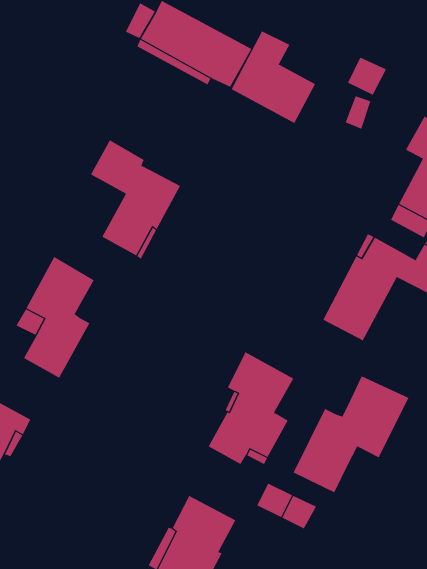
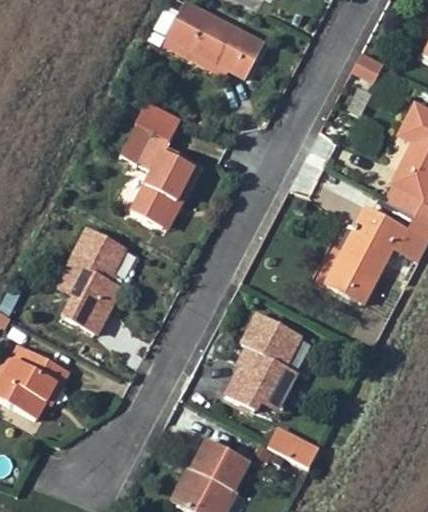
building: [231,31,316,124] -> none
building: none -> [138,101,182,142]
building: [293,376,409,493] -> none

